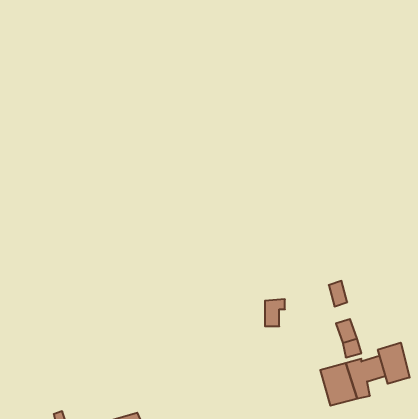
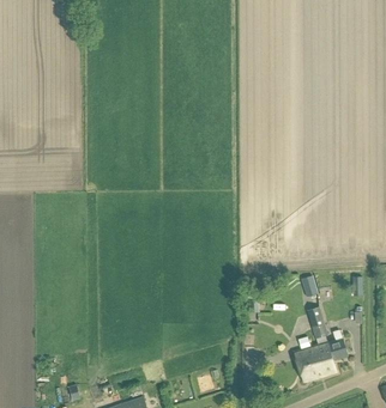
building: [378,343,410,384] -> none

